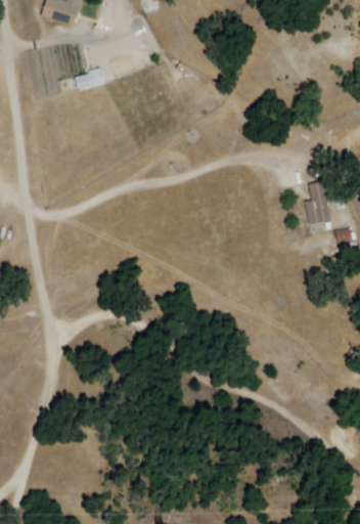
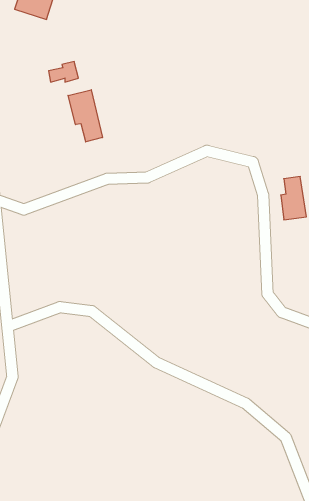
building: none -> [68,90,102,142]

